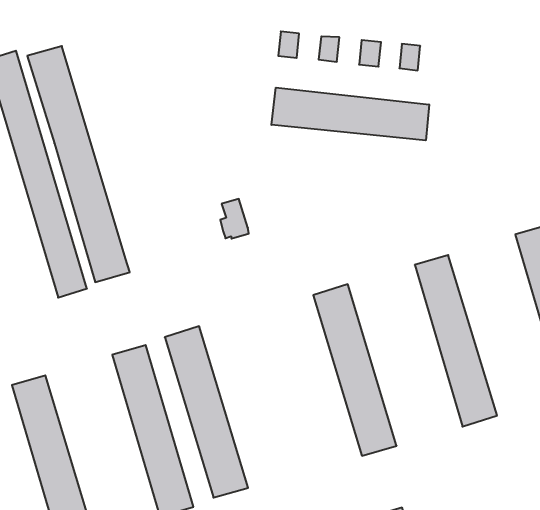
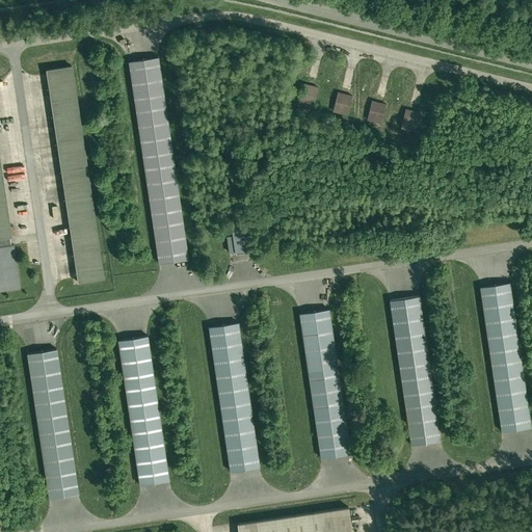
building: [27,46,130,282] -> [128,58,189,266]
building: [271,88,429,140] -> none
building: [165,326,248,498] -> [207,323,260,473]

